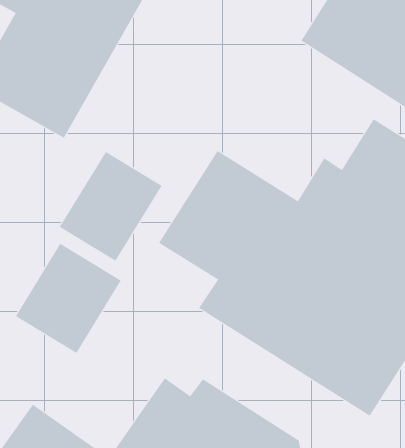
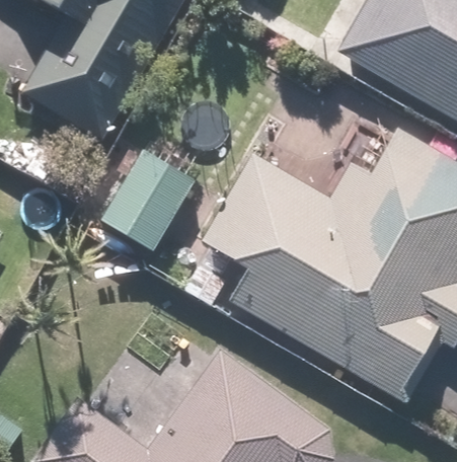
building: [15,243,121,354] -> none

